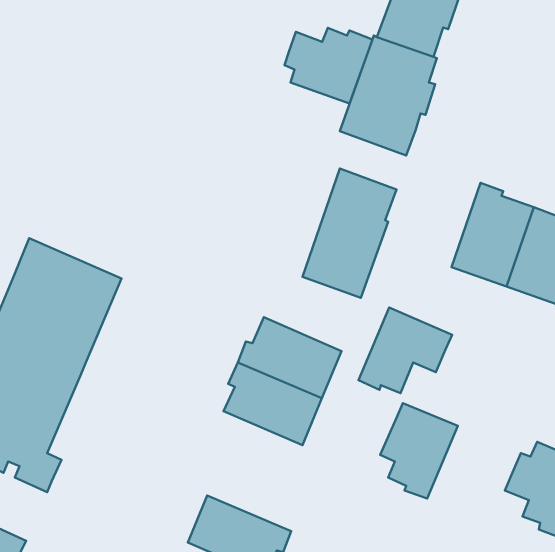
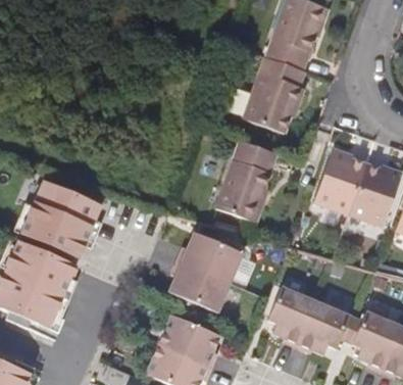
building: [284,28,372,103] -> none
building: [358,307,452,393] -> [297,301,356,355]
building: none -> [158,316,220,368]

